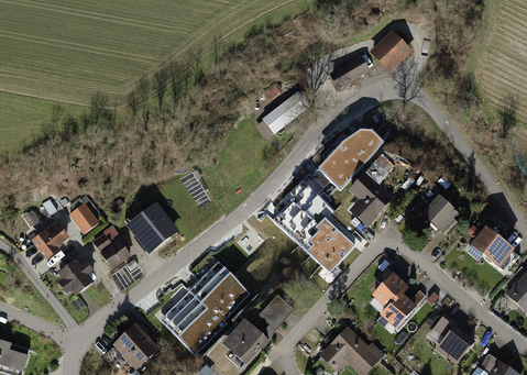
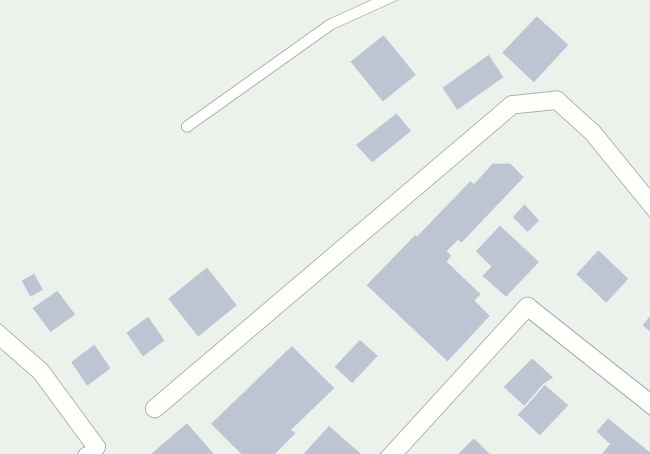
building: none -> [350,34,417,103]
building: [65,205,96,235] -> none
building: [259,295,290,327] -> [334,339,378,384]

